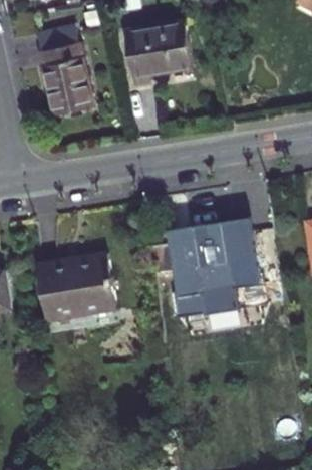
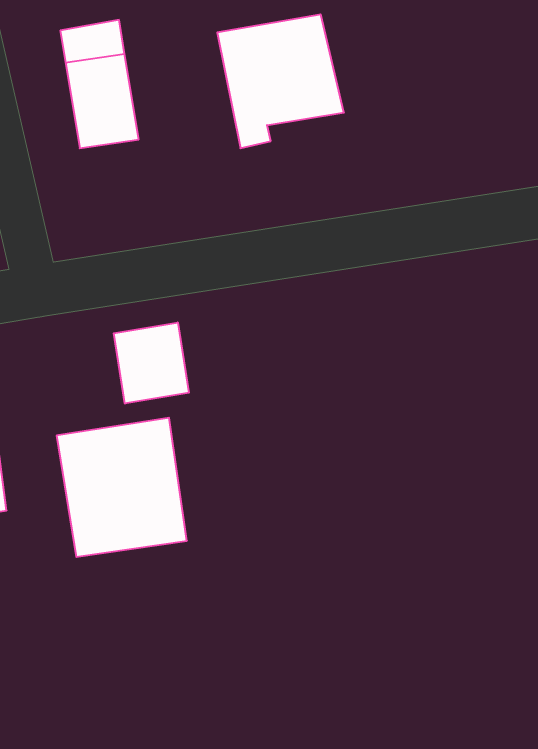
building: none -> [114,322,189,404]
building: [167,229,261,315] -> none

